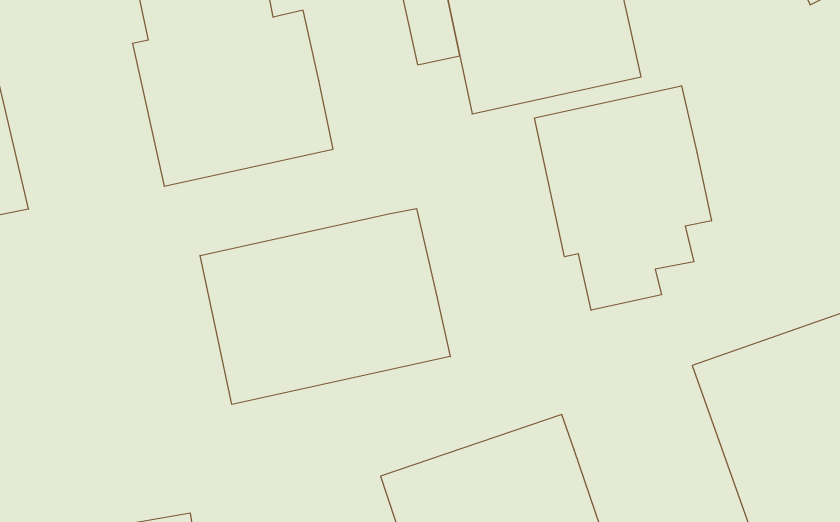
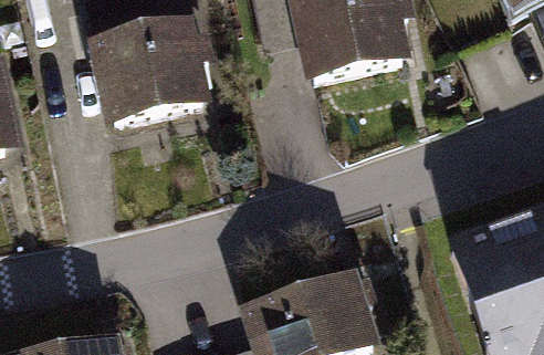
building: [535,86,711,310] -> none
building: [200,209,450,404] -> none

